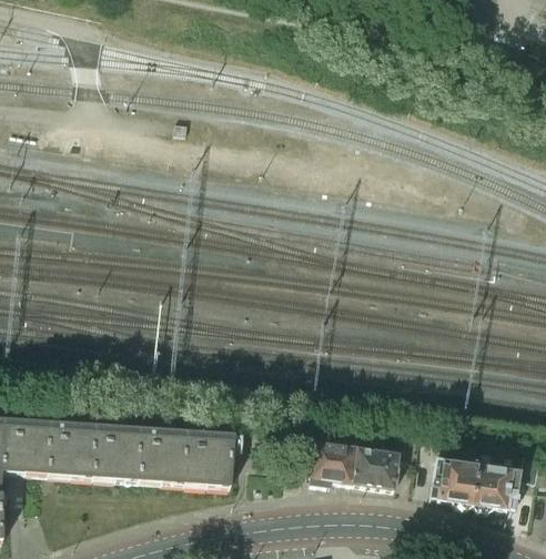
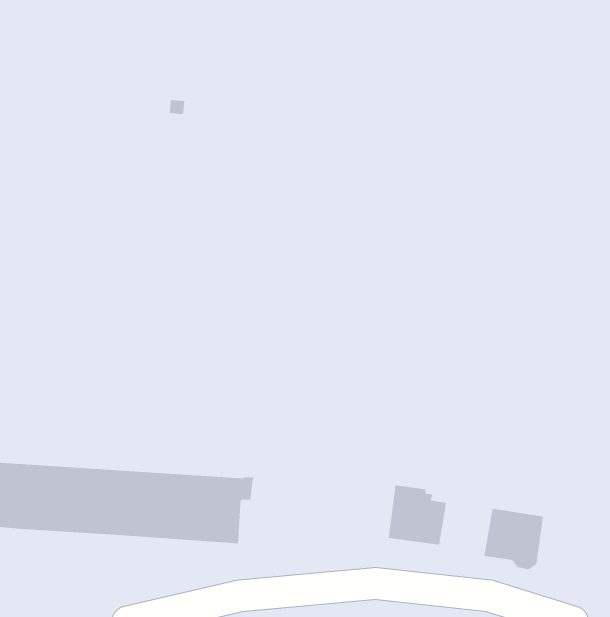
building: [310,434,355,485] -> none
building: [472,464,519,510] -> none

